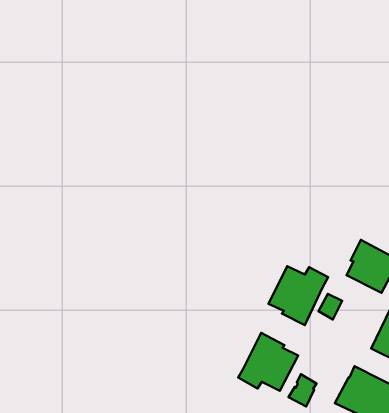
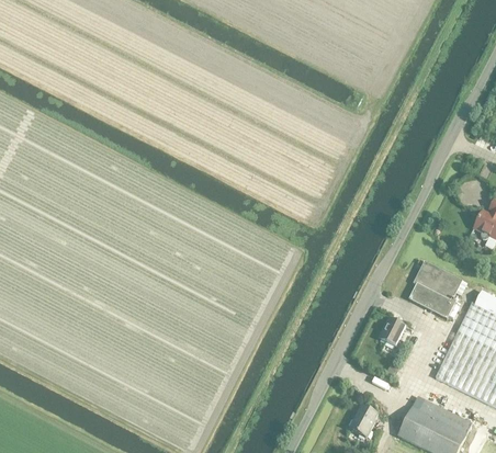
building: [268,266,328,325] -> none
building: [238,333,298,391] -> none

